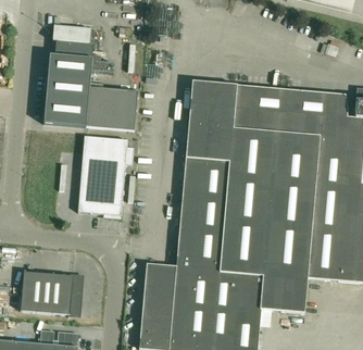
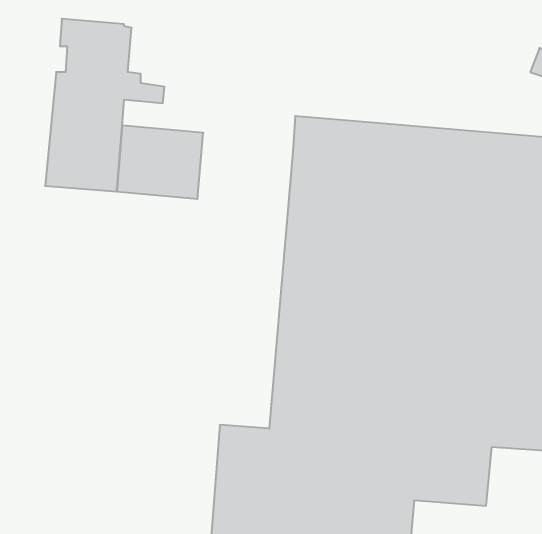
building: [78,135,134,217] -> none
building: [22,270,84,316] -> none

